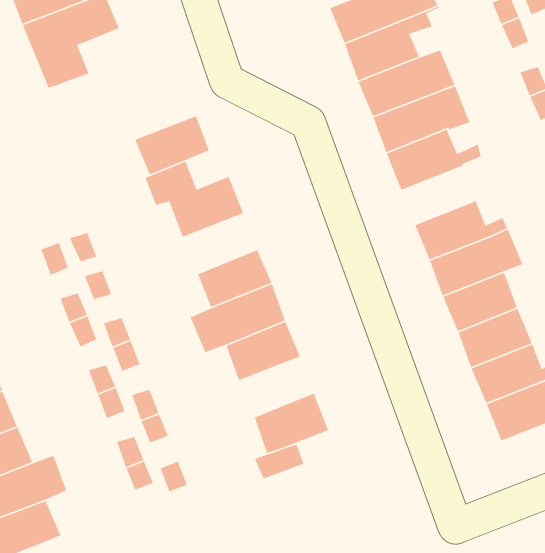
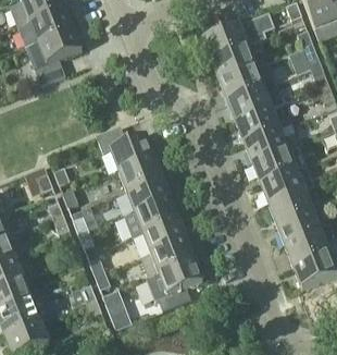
building: [134,115,210,175] -> [117,156,161,191]
building: none -> [244,128,287,162]
building: none -> [140,238,194,277]

